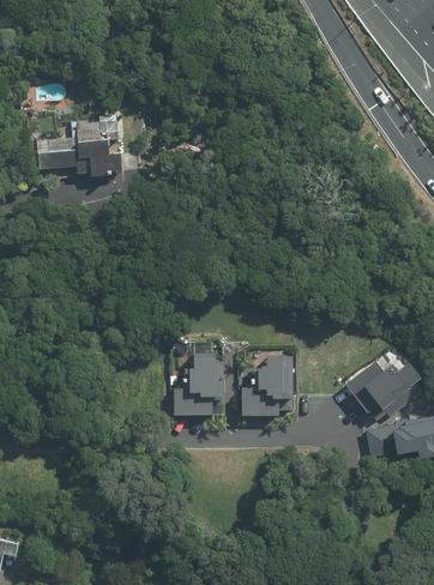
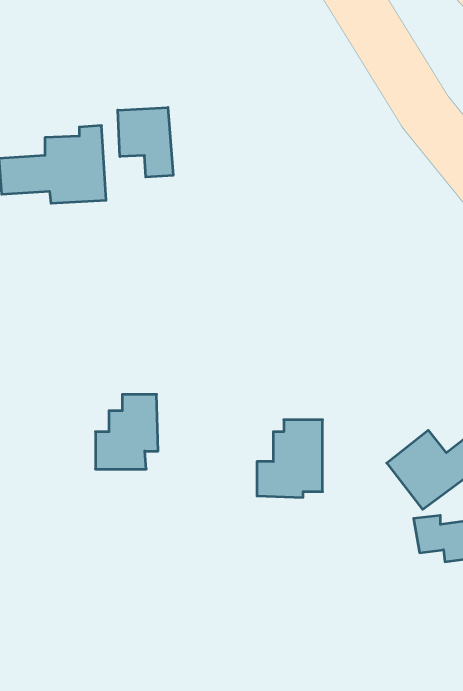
building: none -> [118,107,173,177]
building: [173,351,223,411] -> [95,394,158,469]

